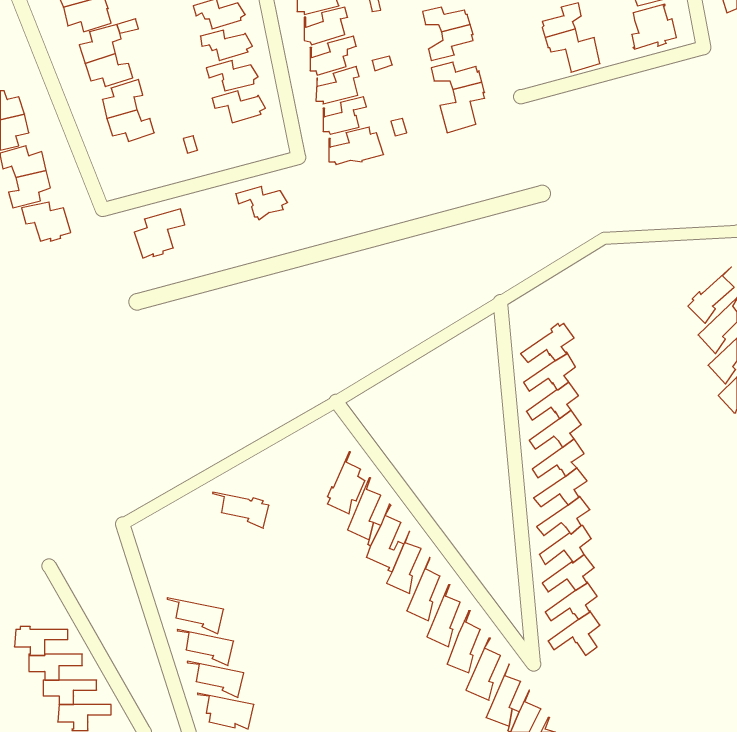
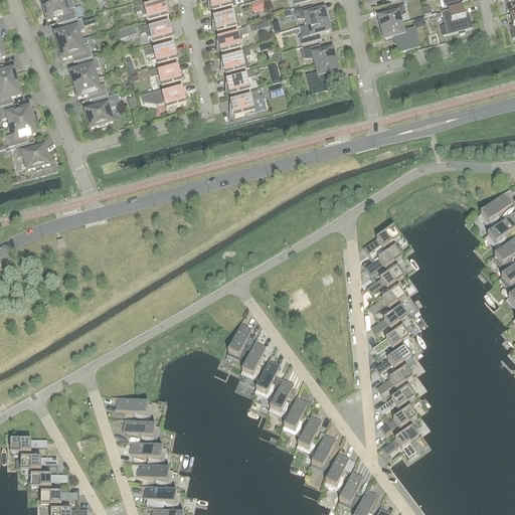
building: [236,186,288,220] -> [153,85,189,109]
building: [134,209,185,258] -> [85,93,121,127]
building: [213,492,269,528] -> [110,394,149,419]

